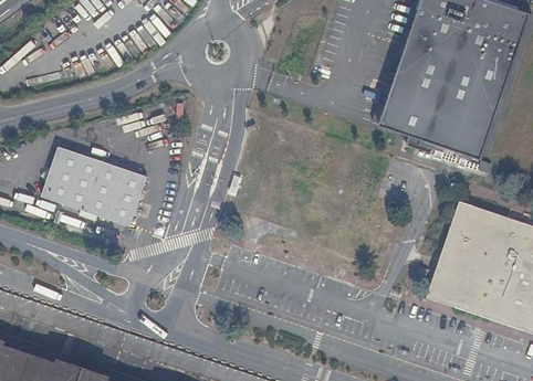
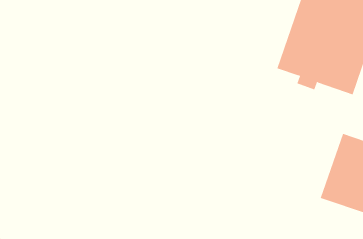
building: [40,145,146,225] -> none

